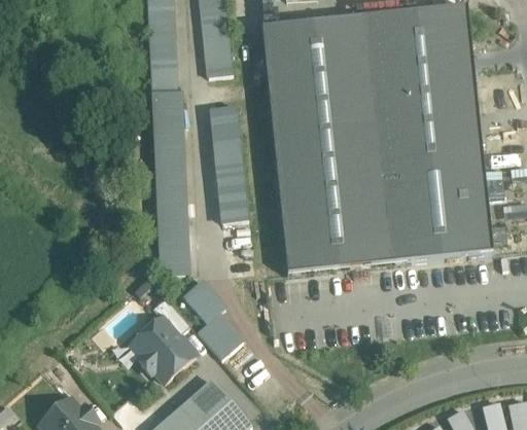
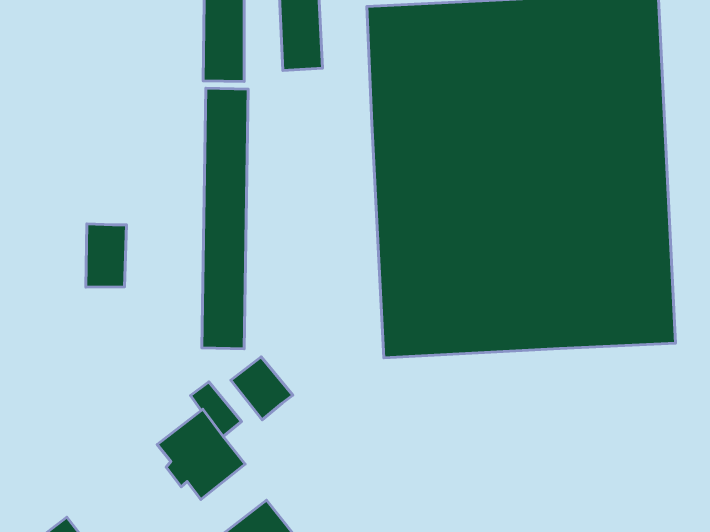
building: [208,105,250,223] -> none
building: none -> [86,224,126,287]
building: [196,309,243,356] -> none

